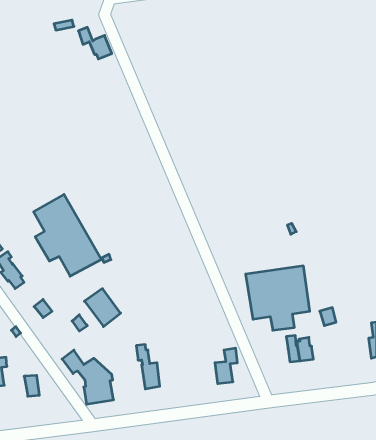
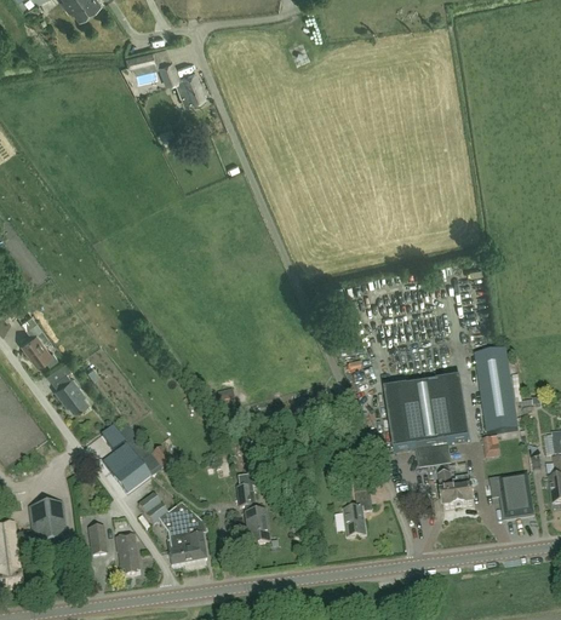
building: [34,194,101,276] -> none
building: none -> [474,348,516,431]
building: [84,289,121,327] -> [101,441,149,492]
building: none -> [488,471,533,516]
building: none -> [114,532,138,572]

